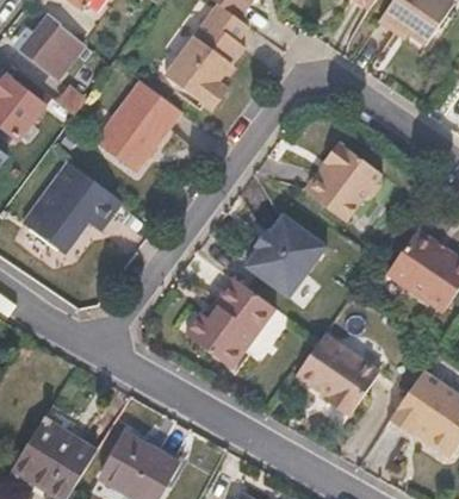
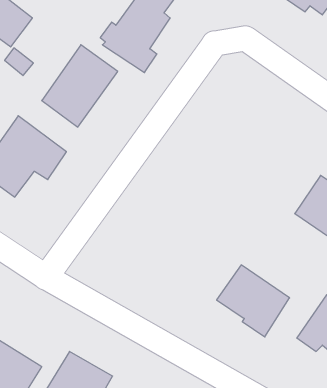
building: [309,144,383,222] -> none
building: [247,213,331,299] -> none
building: [186,277,278,369] -> none

